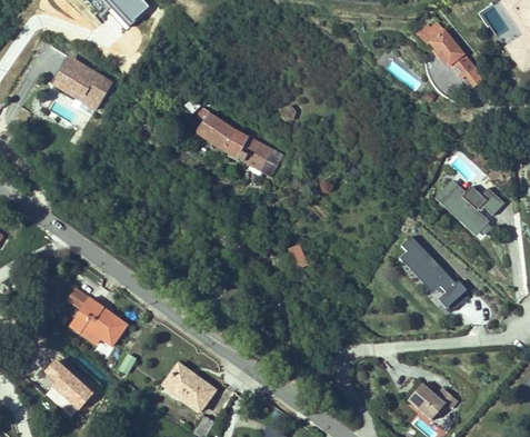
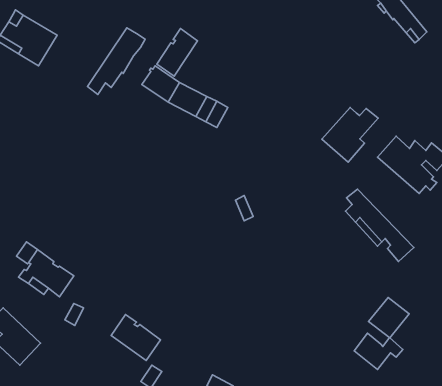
building: none -> [87,28,145,95]
building: none -> [157,29,198,76]
building: none -> [322,107,378,162]
building: none -> [369,297,409,338]

